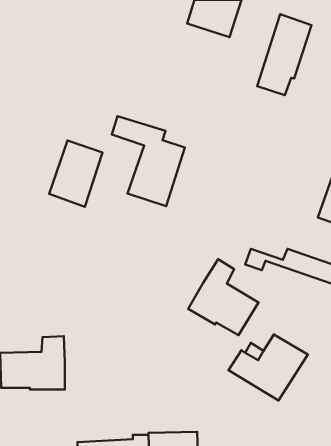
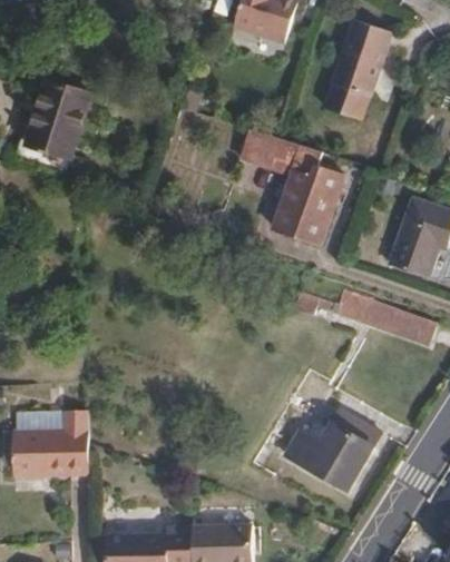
building: [112,116,185,206] -> [257,136,345,245]
building: [49,140,102,207] -> [28,80,92,160]
building: [188,259,258,335] -> none

